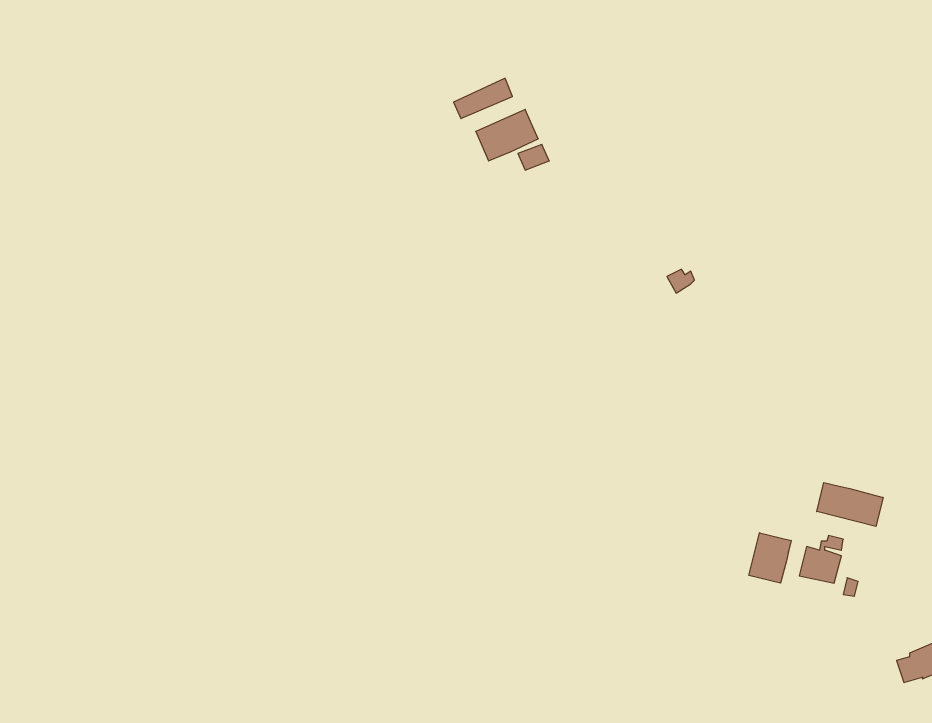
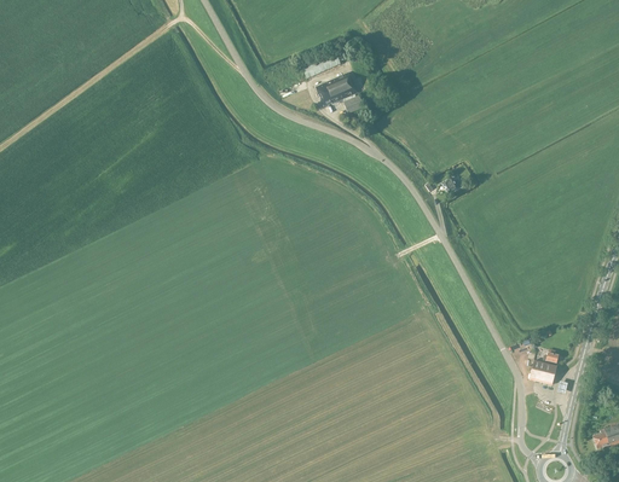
building: [817,483,883,526] -> none
building: [749,533,791,583] -> none

